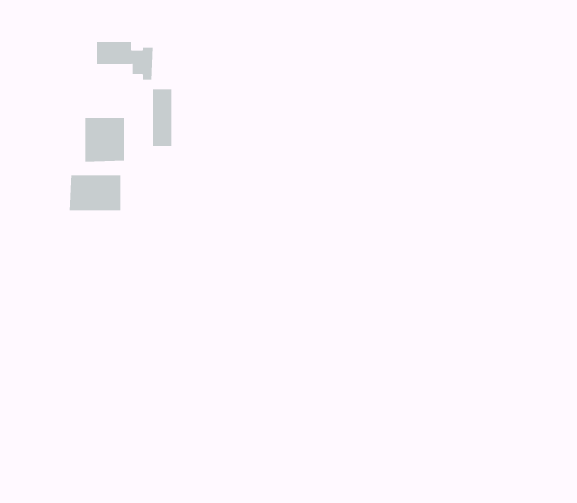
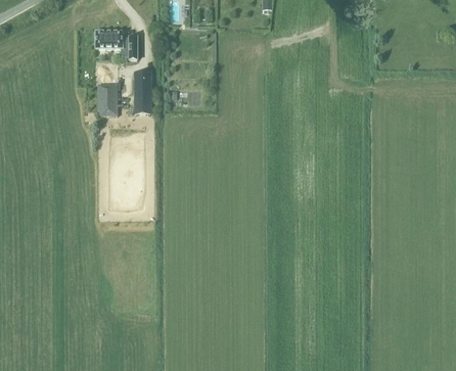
building: [69,175,121,211] -> none

